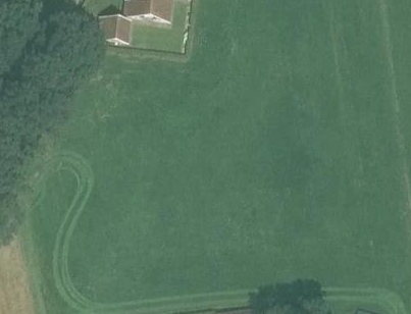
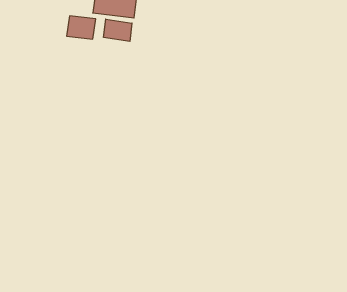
building: none -> [104,19,132,41]

